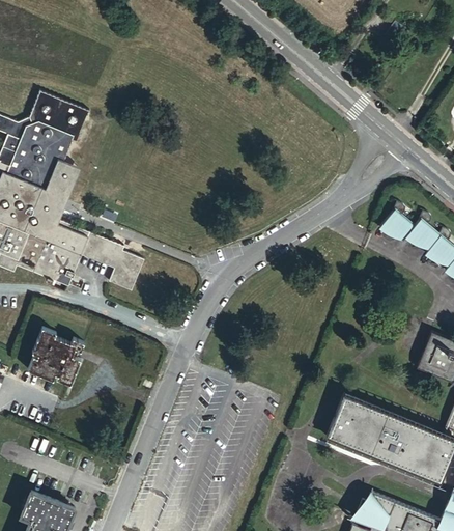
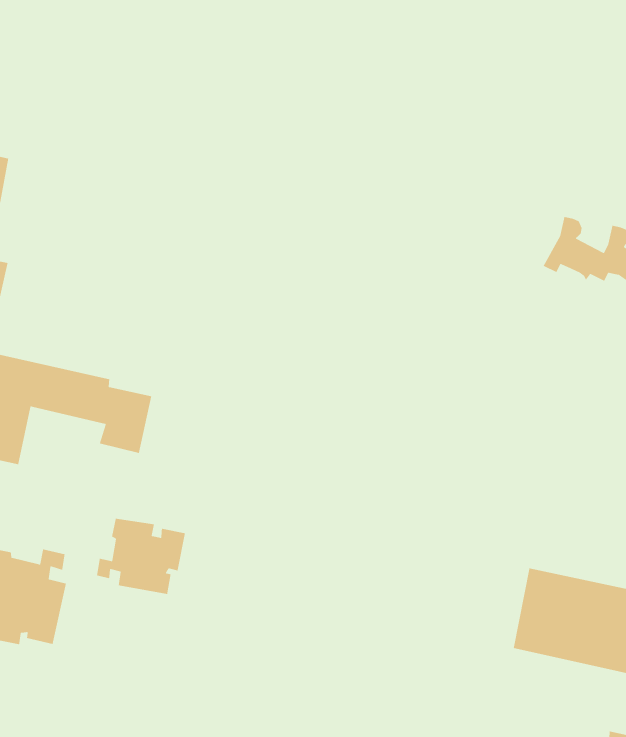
building: none -> [96,518,186,595]

